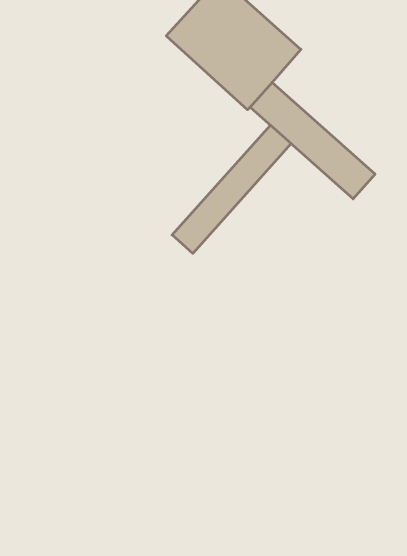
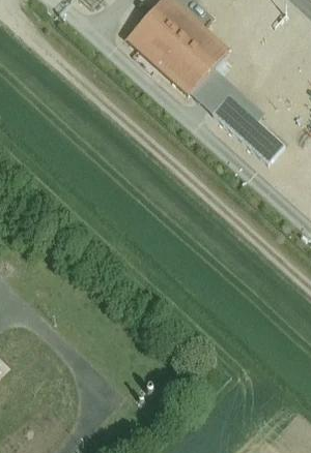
building: [172,125,291,253] -> none

